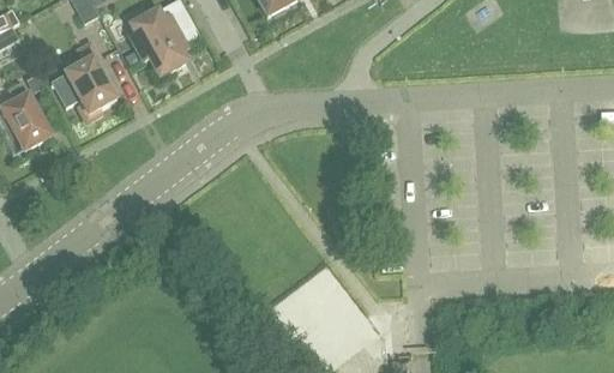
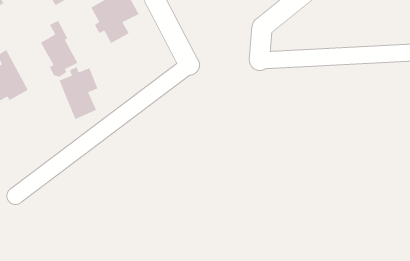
building: none -> [59,66,99,120]

